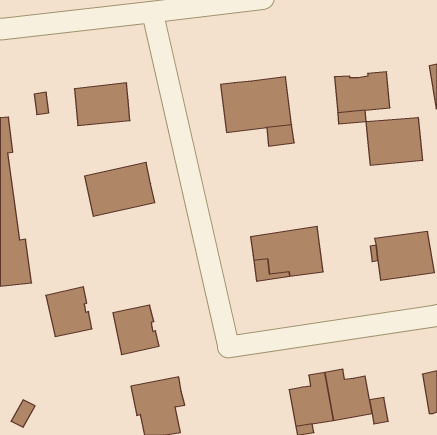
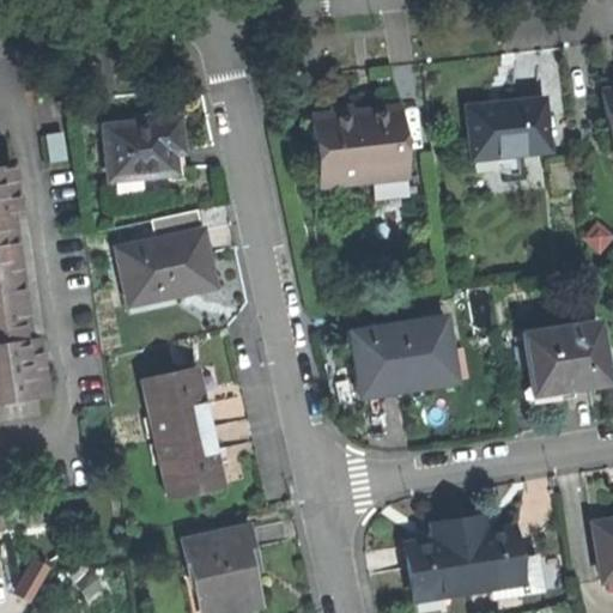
building: [366,117,422,165] -> none
building: [46,287,92,336] -> [145,369,210,438]

